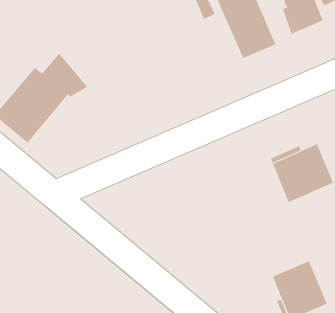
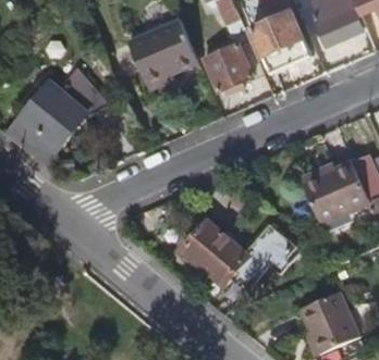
building: none -> [130,18,199,88]
building: none -> [206,44,255,91]
building: none -> [182,221,301,289]

